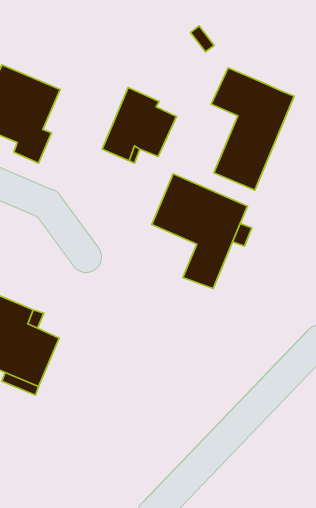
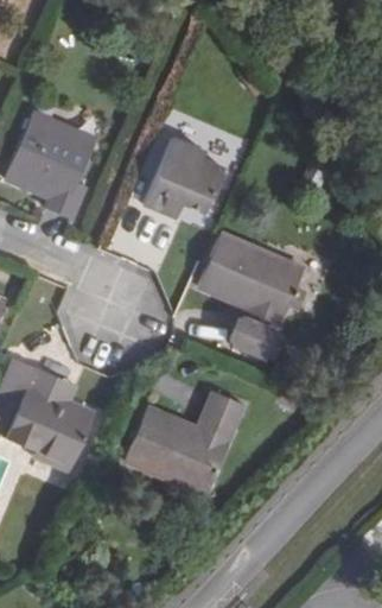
building: [211,68,294,190] -> none
building: none -> [123,390,244,495]

